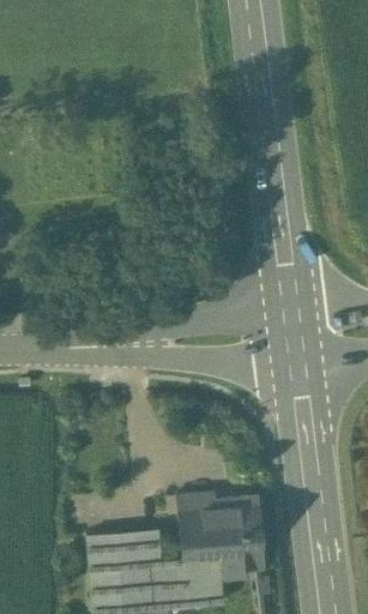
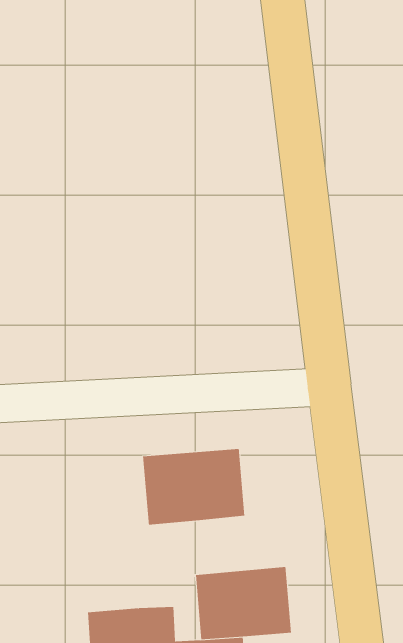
building: none -> [142,448,245,525]

